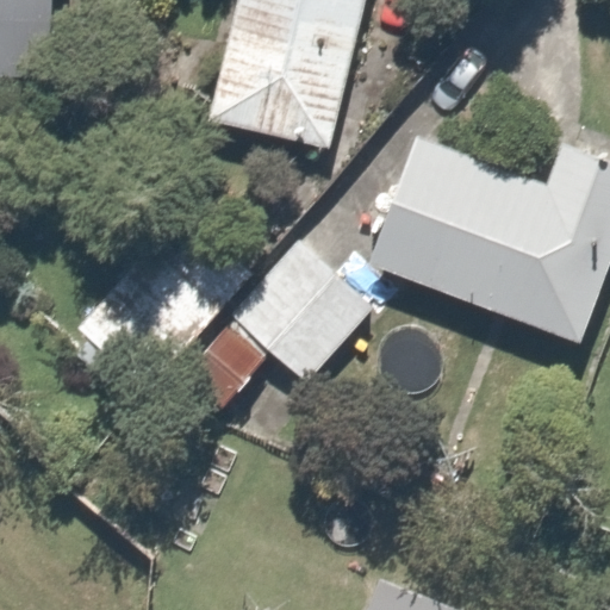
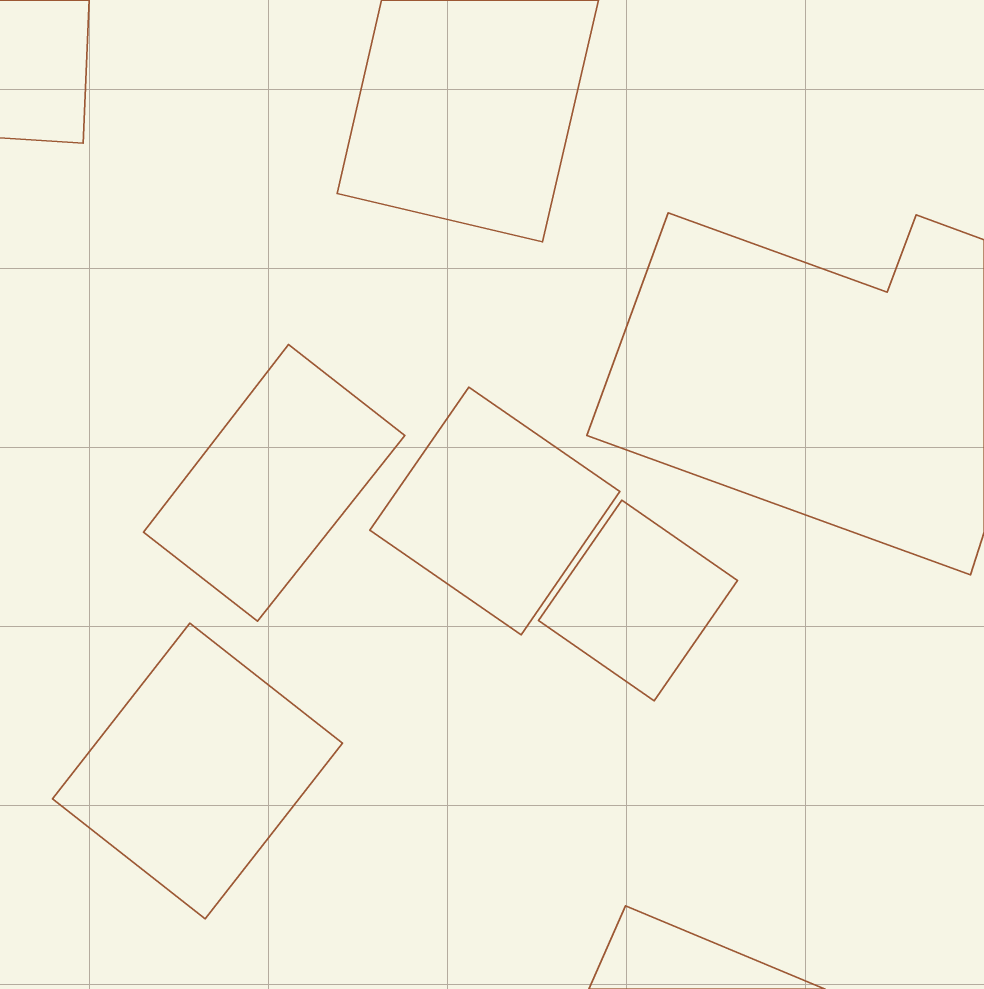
building: none -> [538,500,738,701]
building: none -> [52,623,343,919]

